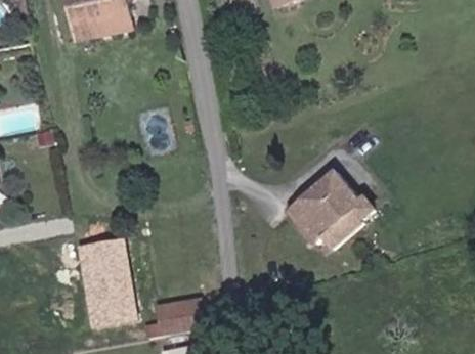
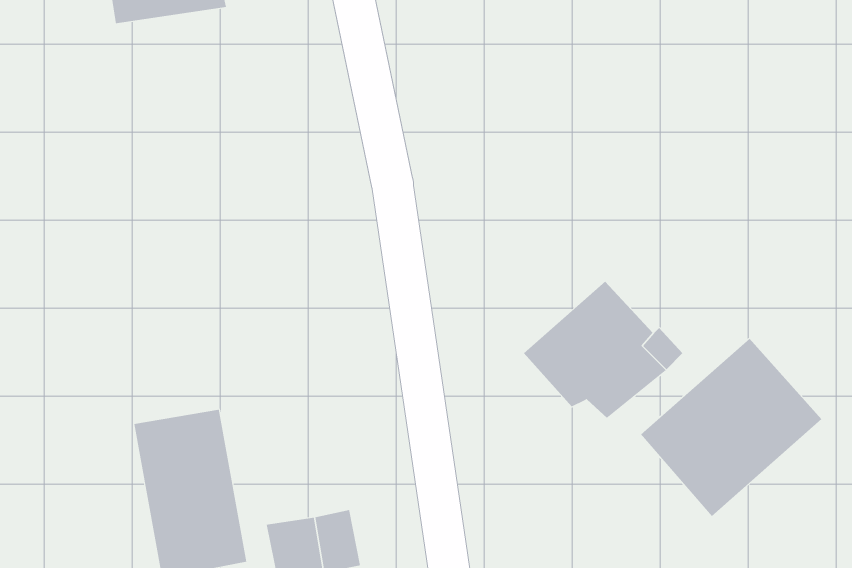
building: none -> [640,338,822,517]

